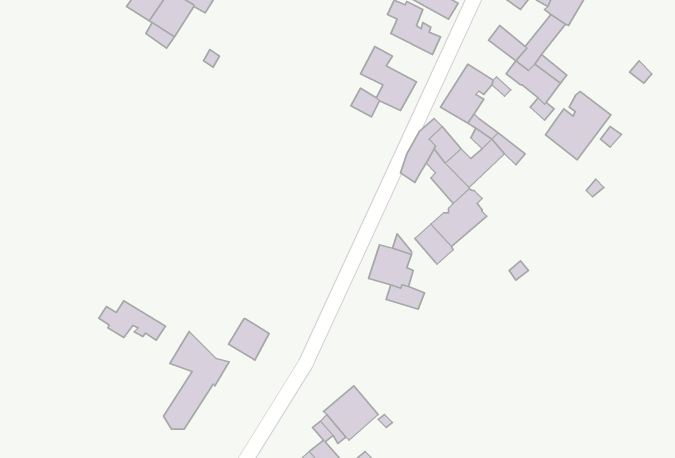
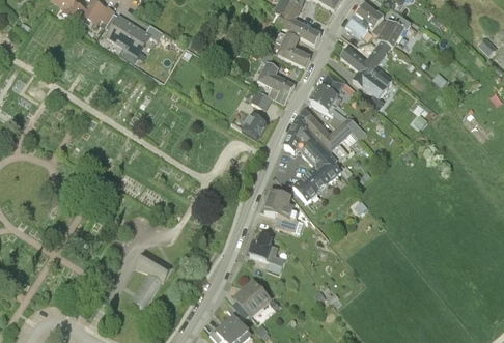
building: [546,92,611,160] -> none
building: none -> [242,111,268,139]
building: [99,301,166,340] -> none
building: none -> [250,235,284,265]
building: [229,318,269,360] -> none

